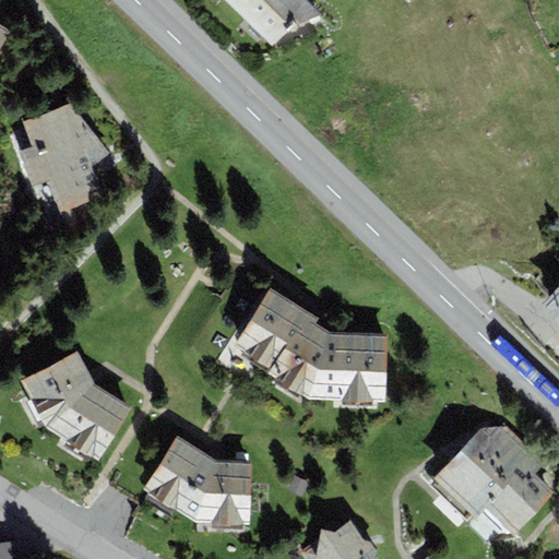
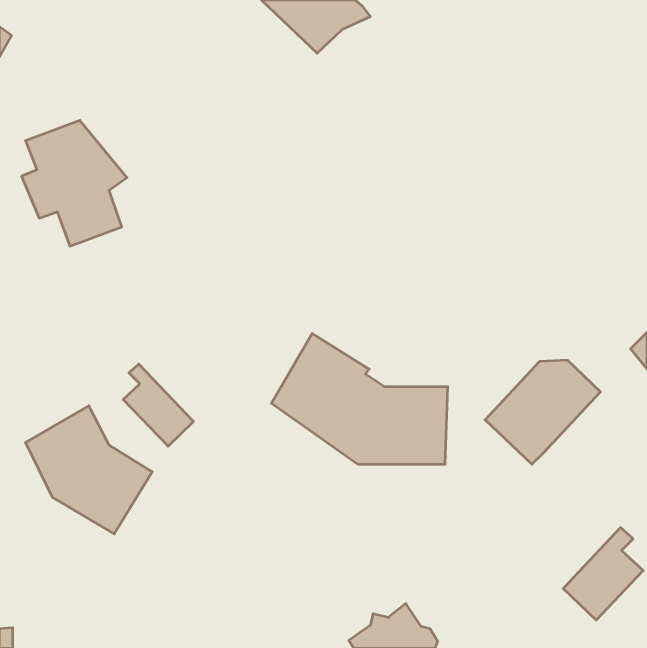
building: none -> [123,364,193,446]
building: [435,427,534,516] -> [485,360,600,464]
building: [143,436,252,524] -> none

